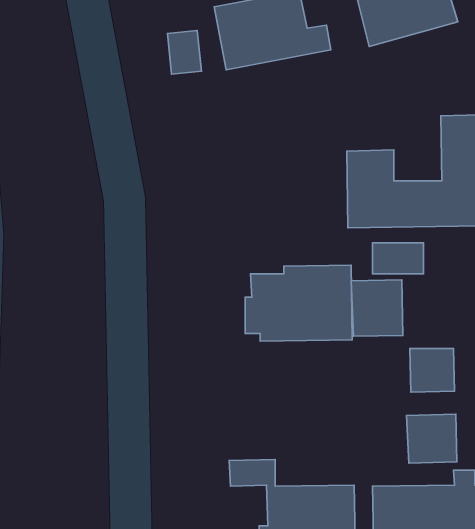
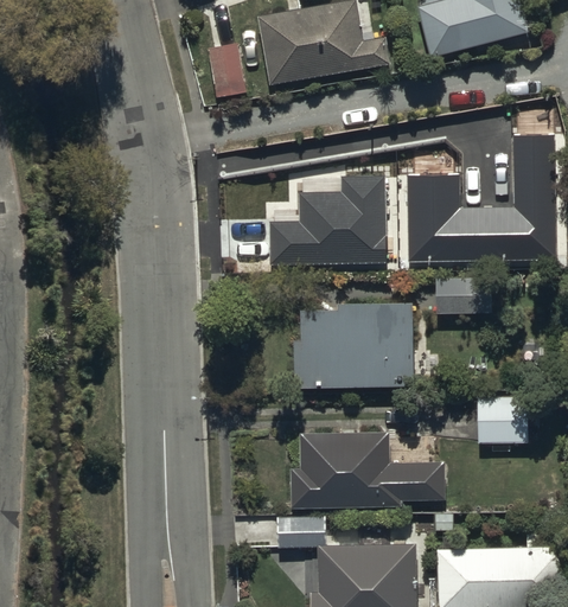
building: none -> [269,175,385,264]
building: [351,280,403,336] -> none
building: none -> [291,430,446,507]
building: [406,414,457,463] -> none

